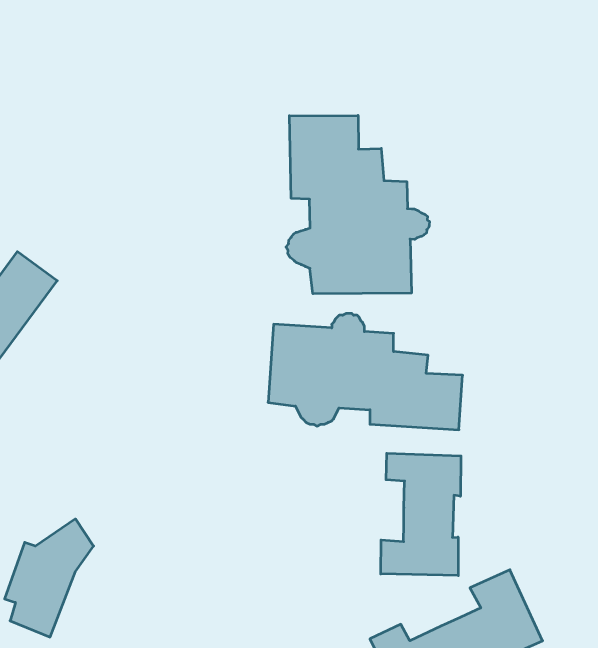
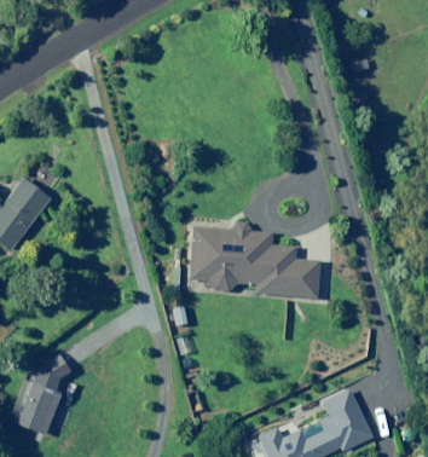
building: [286,115,429,294] -> none
building: [381,453,461,576] -> none

